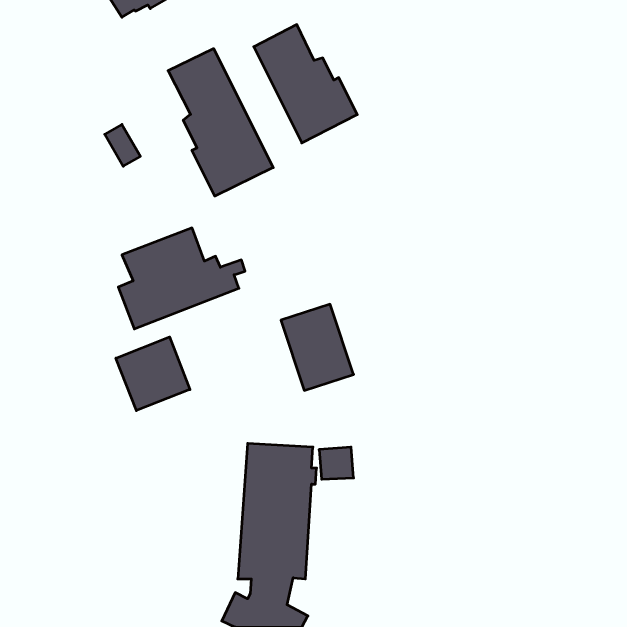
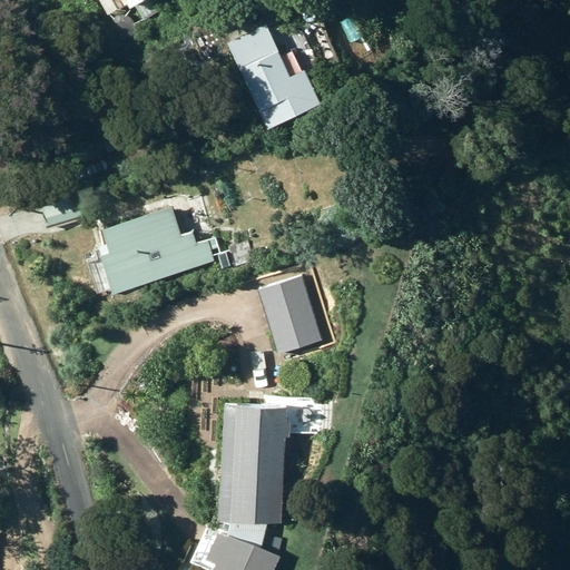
building: [168,49,273,196] -> none
building: [116,337,190,411] -> none

